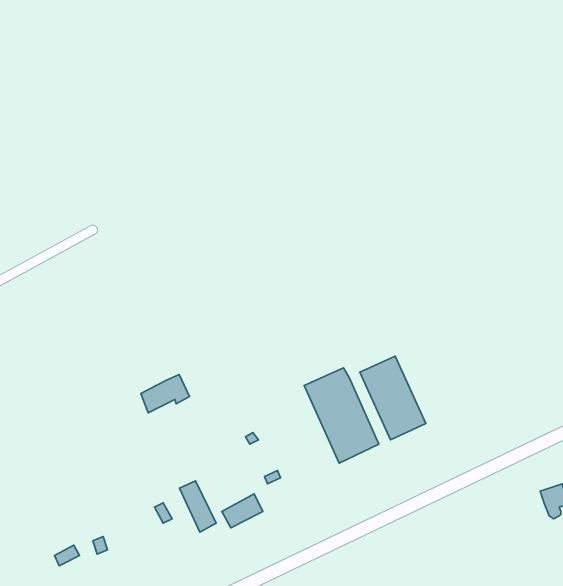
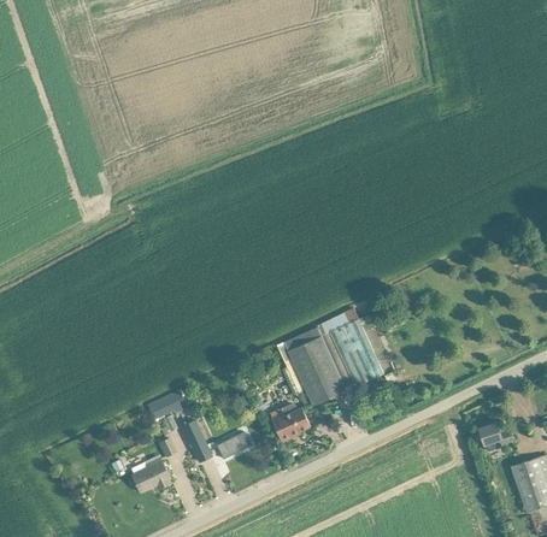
building: [141,375,189,413] -> [148,389,188,420]
building: none -> [272,403,311,442]
building: none -> [131,459,170,492]

